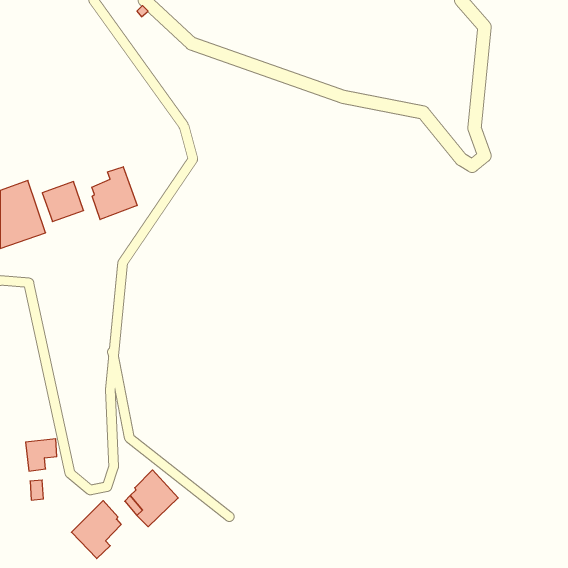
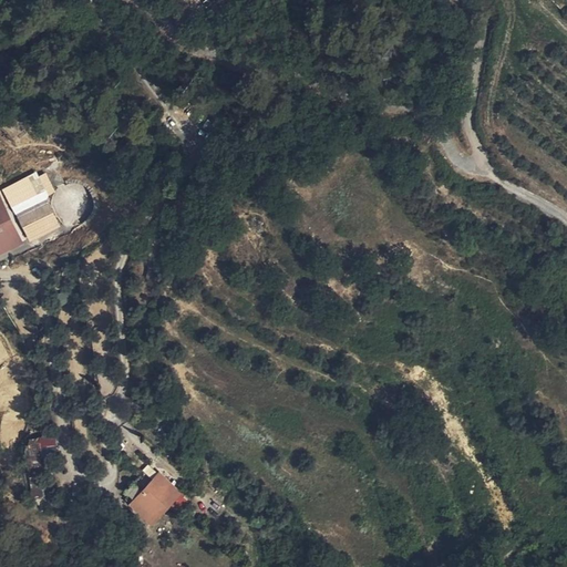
building: [92,167,137,220] -> none
building: [71,501,121,559] -> none

